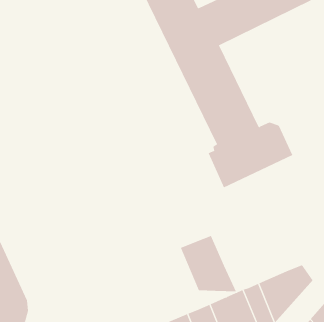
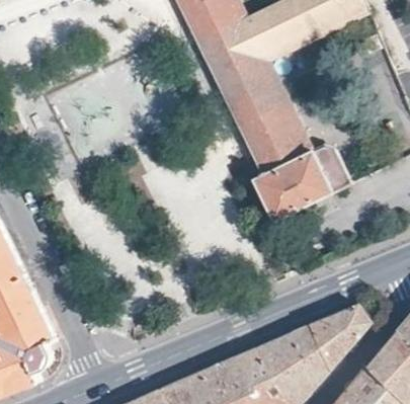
building: [180,235,237,292] -> none

